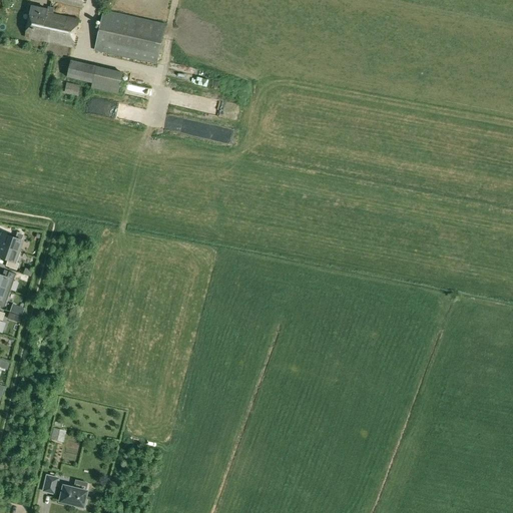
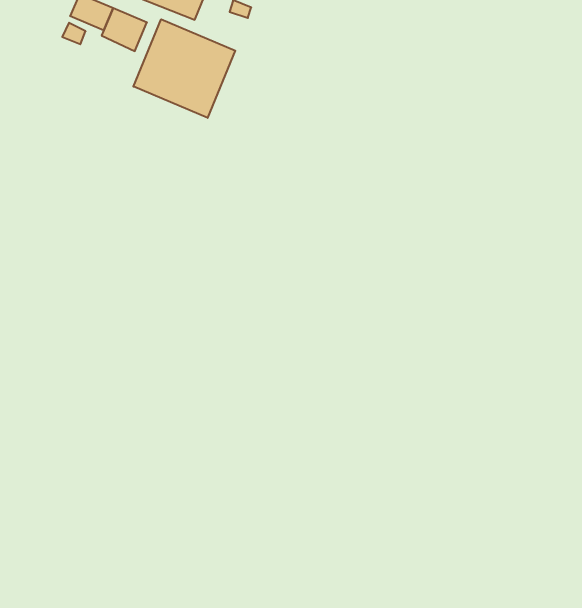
building: none -> [133,19,235,118]

